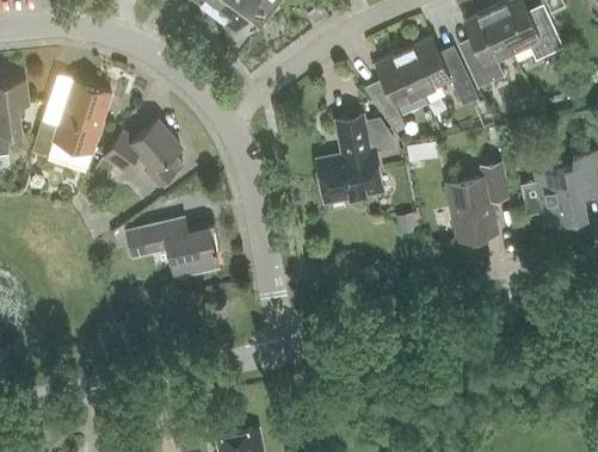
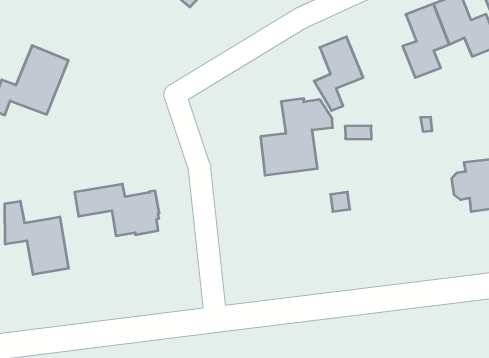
building: [402,37,477,106] -> none
building: [104,120,184,188] -> none
building: [448,165,506,239] -> none
building: none -> [5,201,69,275]

